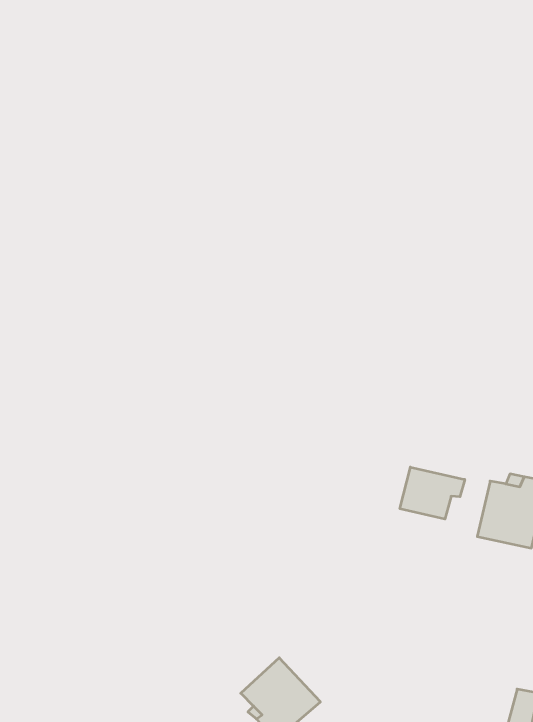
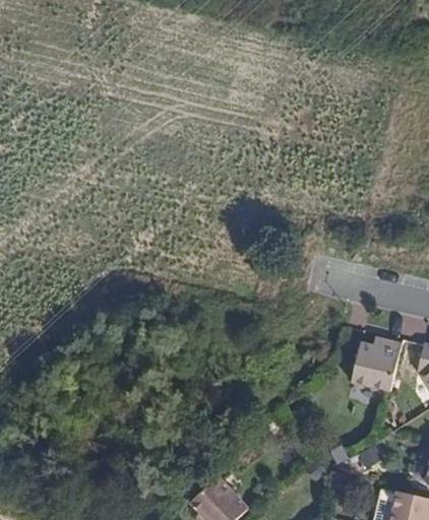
building: [400,467,465,519] -> none

